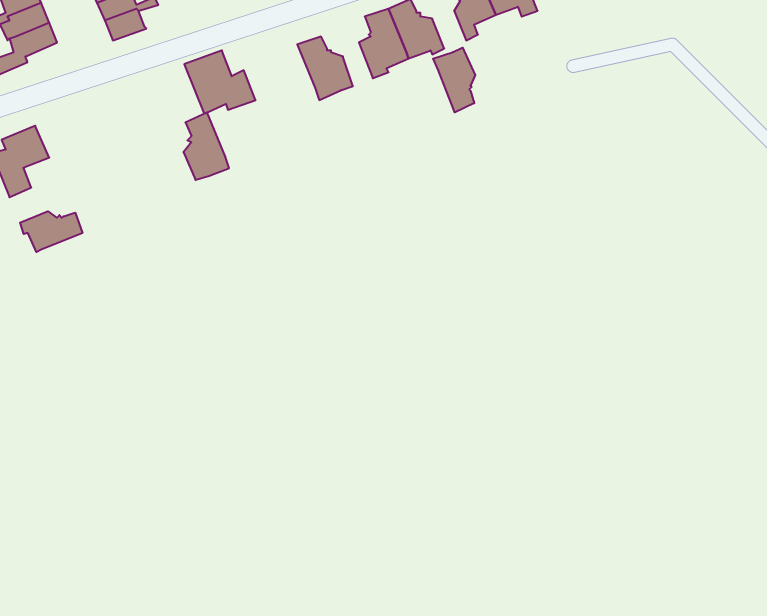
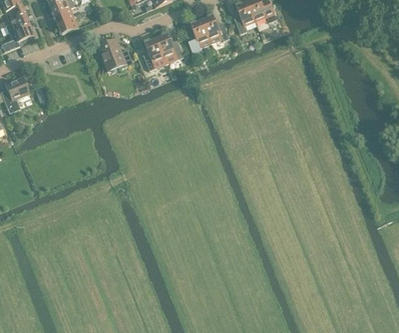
building: [433,48,475,112] -> none
building: [183,112,229,180] -> [143,35,166,69]
building: [20,211,82,252] -> none

